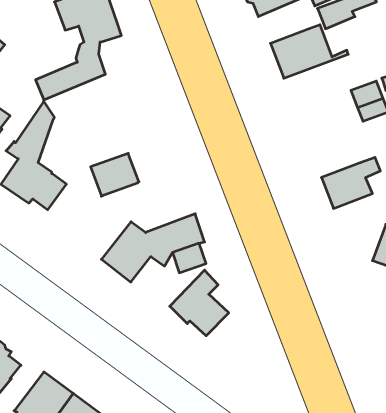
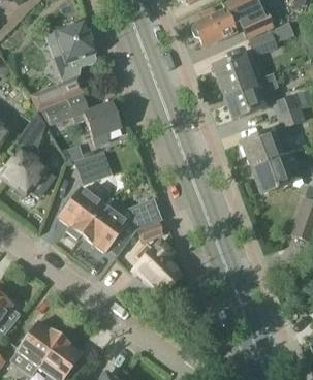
building: none -> [223,75,276,119]
building: none -> [46,93,122,147]
building: none -> [242,131,293,170]
building: none -> [60,187,105,237]

